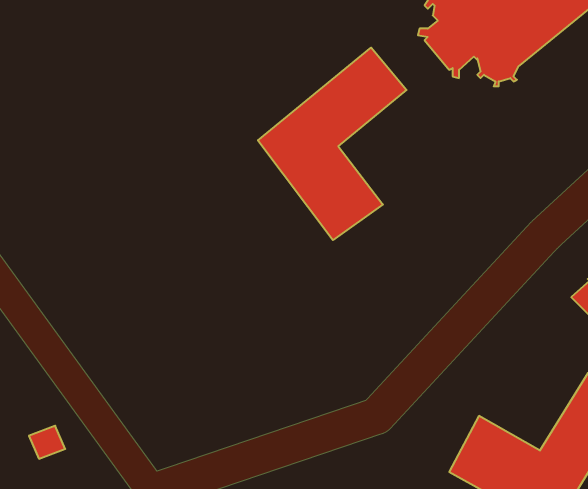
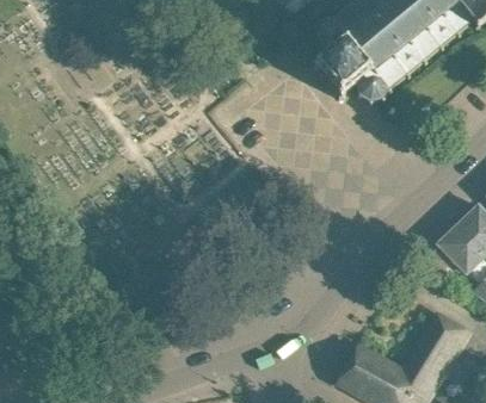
building: [258,48,407,240] -> none

